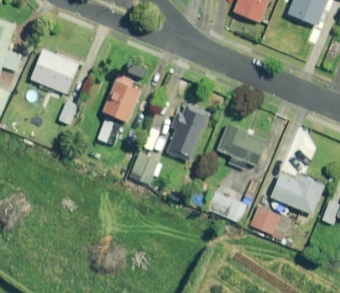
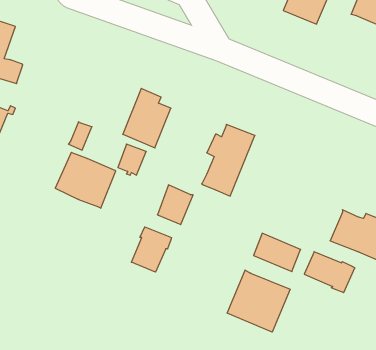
building: [29,49,78,94] -> [55,152,116,208]
building: [217,123,267,170] -> none
building: none -> [131,227,171,272]
building: none -> [227,270,290,332]

